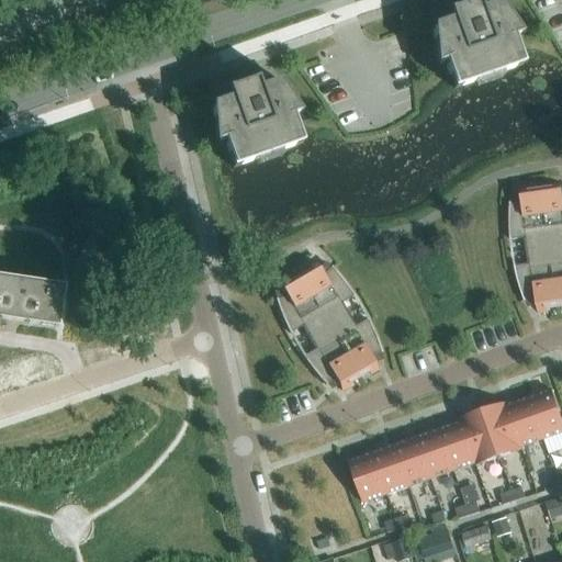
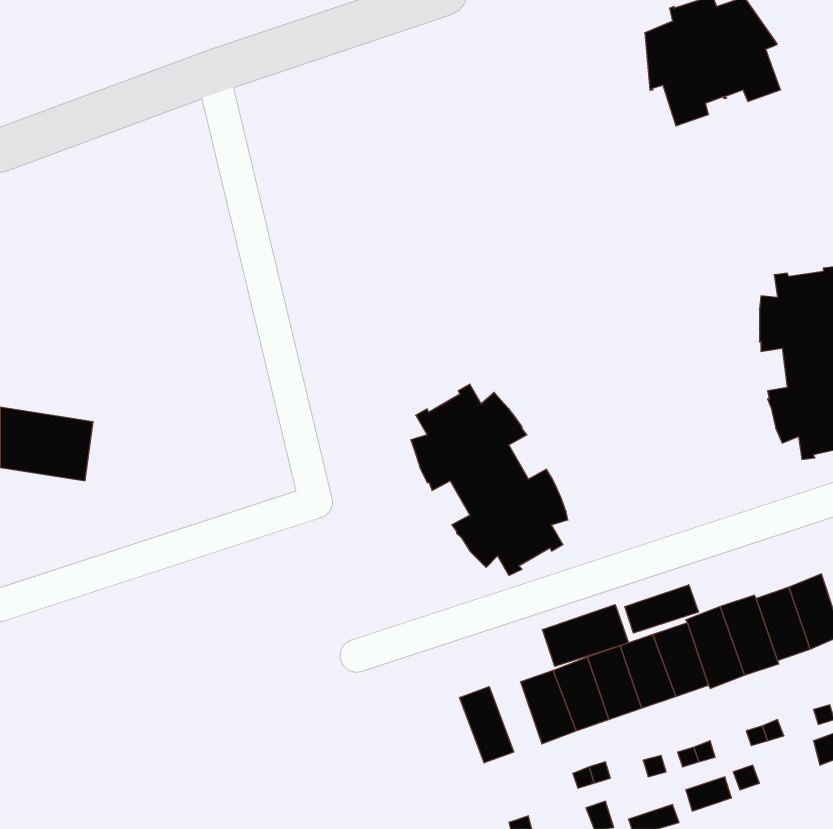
building: [214,75,305,164] -> none
building: none -> [625,585,698,633]
building: none -> [542,605,628,666]
building: none -> [460,687,514,763]

